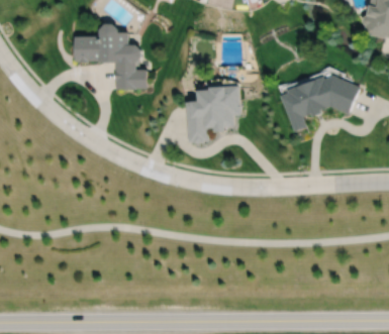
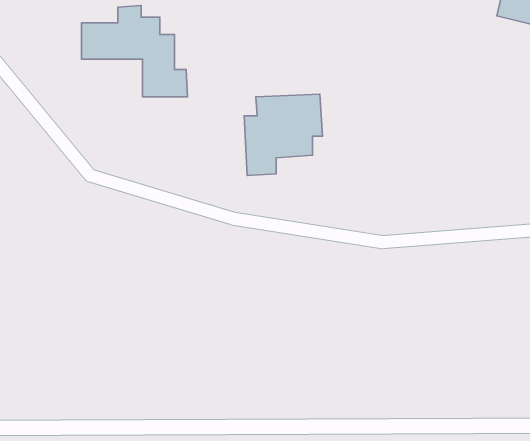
building: [279,75,359,131] -> none

